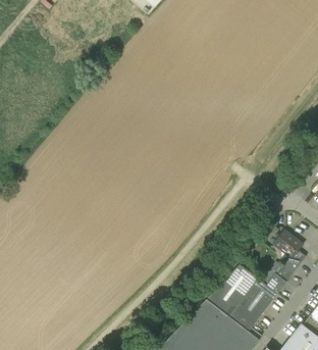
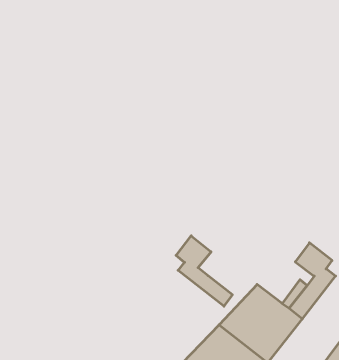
building: none -> [176,236,232,306]

